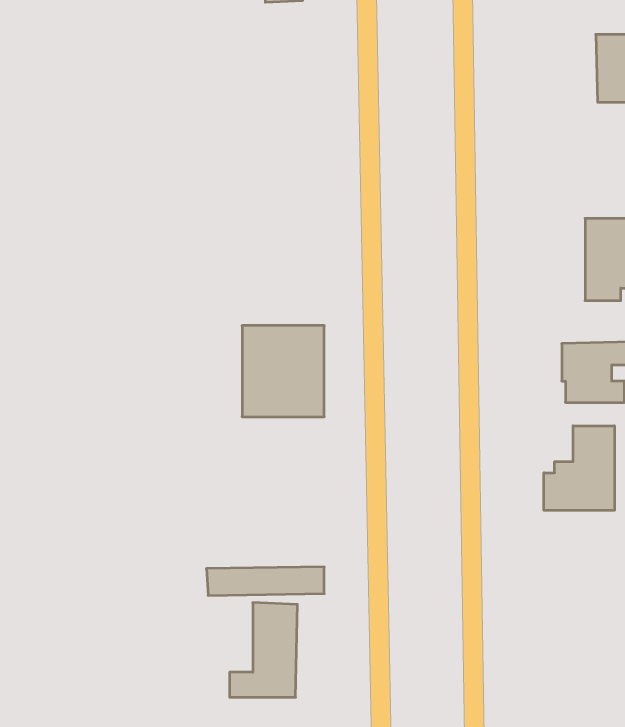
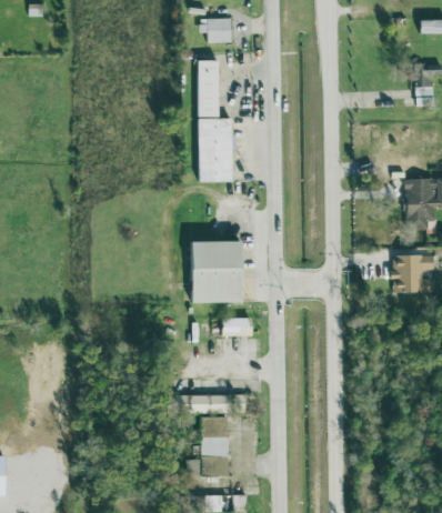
building: none -> [197,60,232,181]
building: [544,426,614,510] -> none
building: none -> [221,318,251,335]

